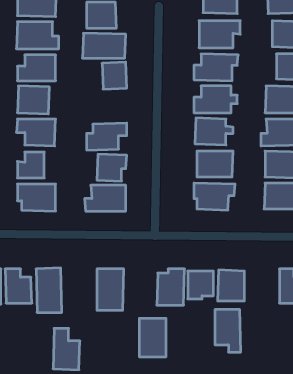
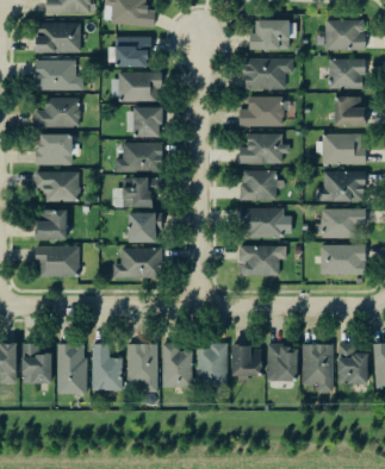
building: none -> [116,142,163,173]
building: [215,310,241,352] -> [304,344,334,393]
building: [139,318,166,357] -> [162,344,193,388]
building: [53,328,80,370] -> [92,344,123,392]

